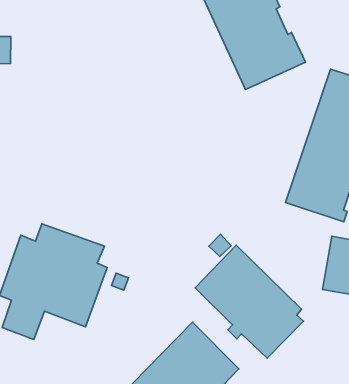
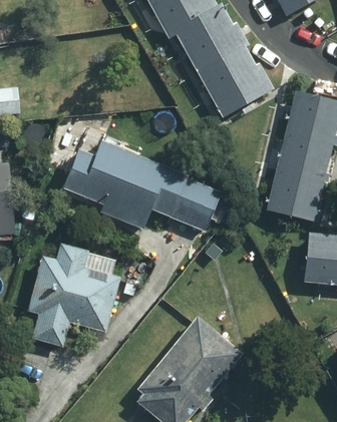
building: none -> [65,142,223,230]
building: [195,245,303,358] -> none

